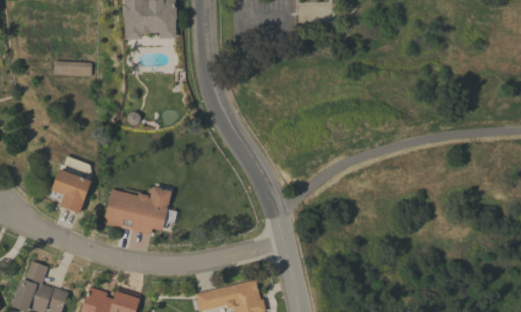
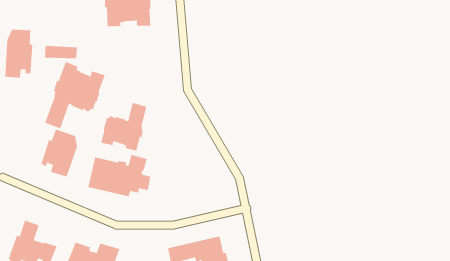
building: none -> [5,29,33,79]
building: none -> [45,61,106,129]
building: none -> [100,102,147,152]

